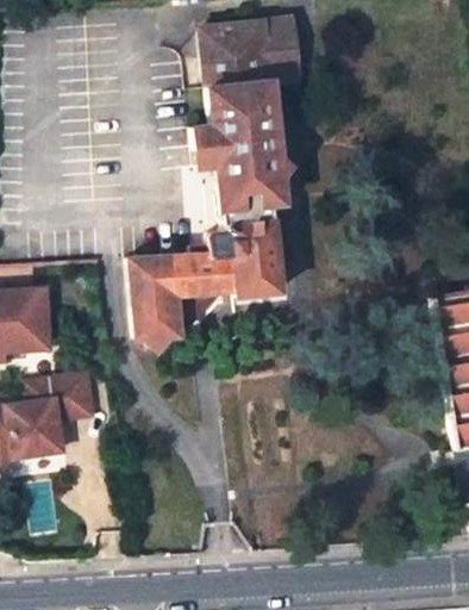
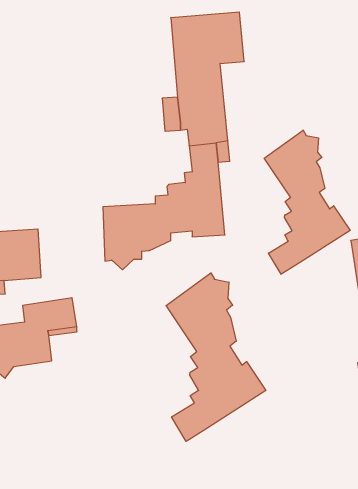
building: none -> [264,130,350,274]
building: none -> [166,273,266,441]

